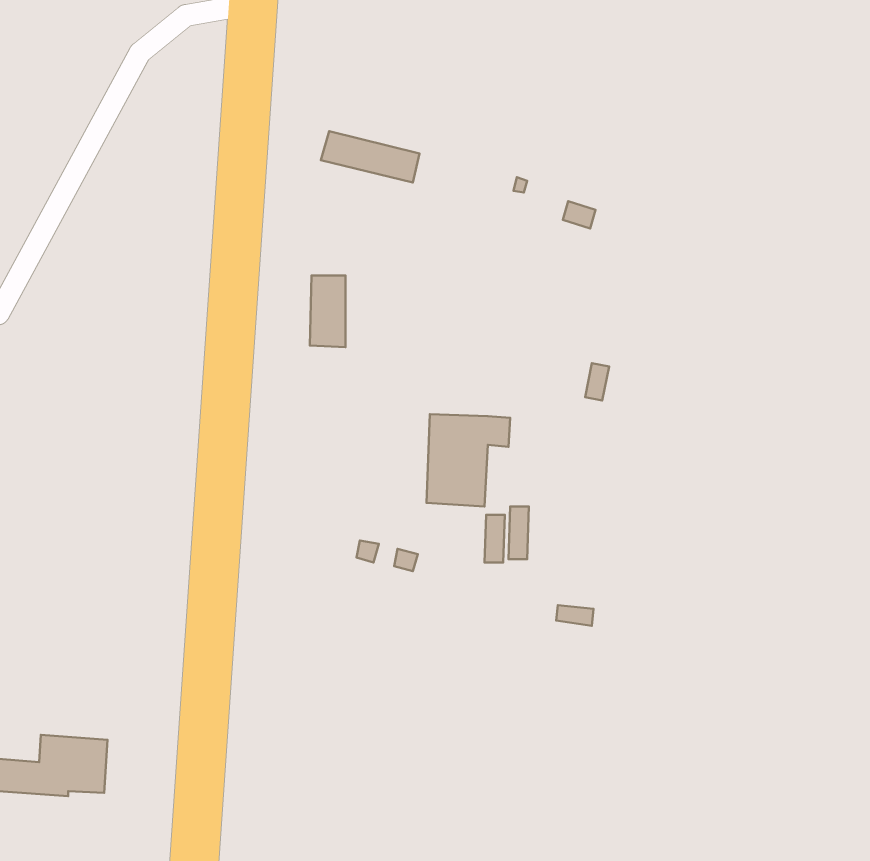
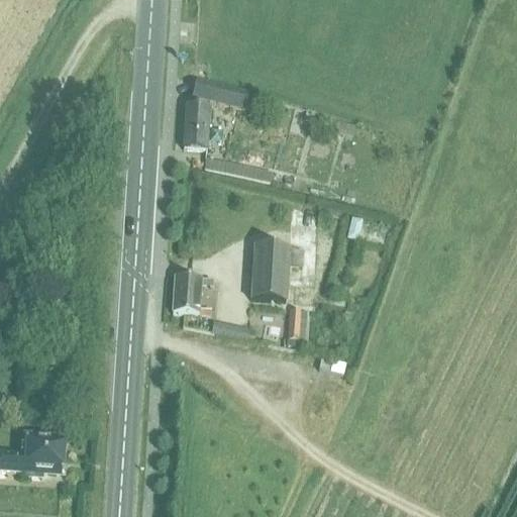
building: [310,276,346,347] -> [186,102,207,144]
building: none -> [171,274,214,313]

